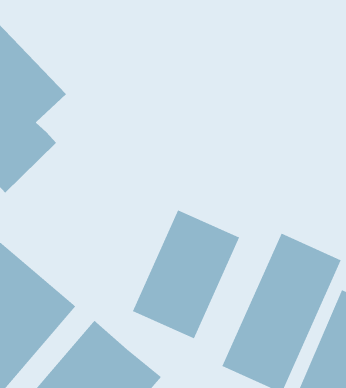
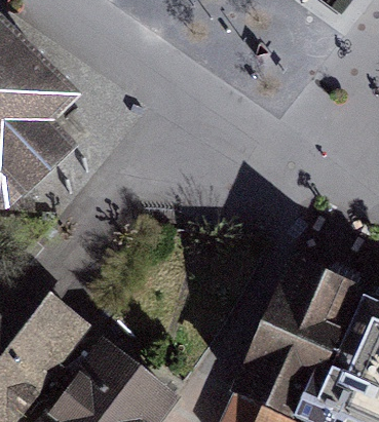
building: [132,210,240,339] -> none

